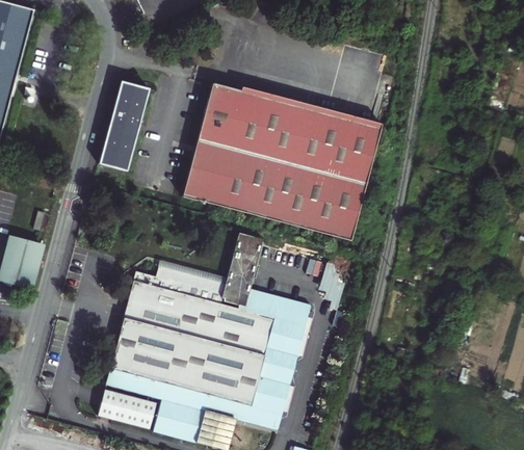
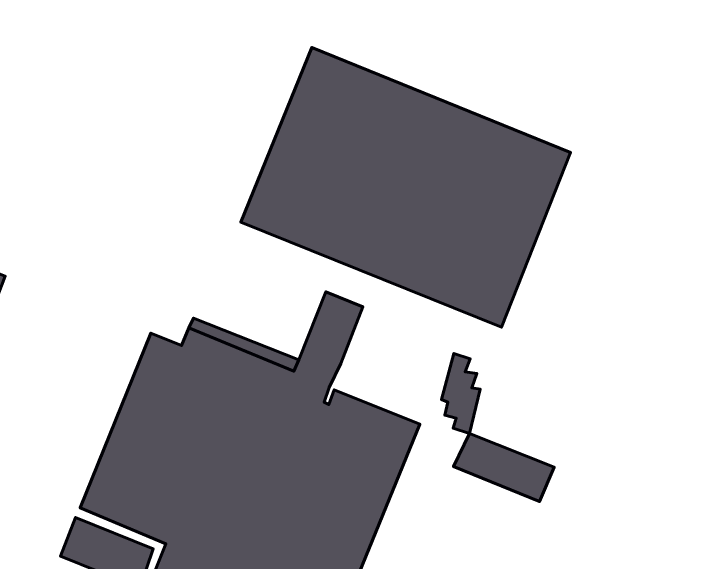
building: [100,80,150,170] -> none
building: none -> [454,434,554,501]

